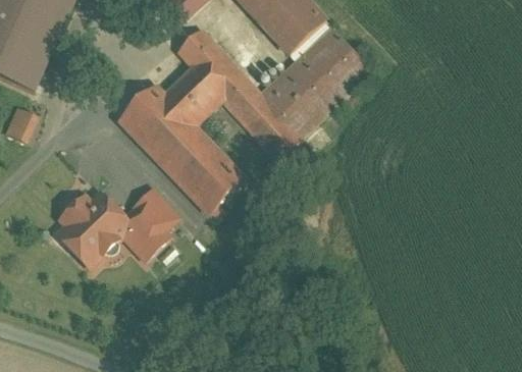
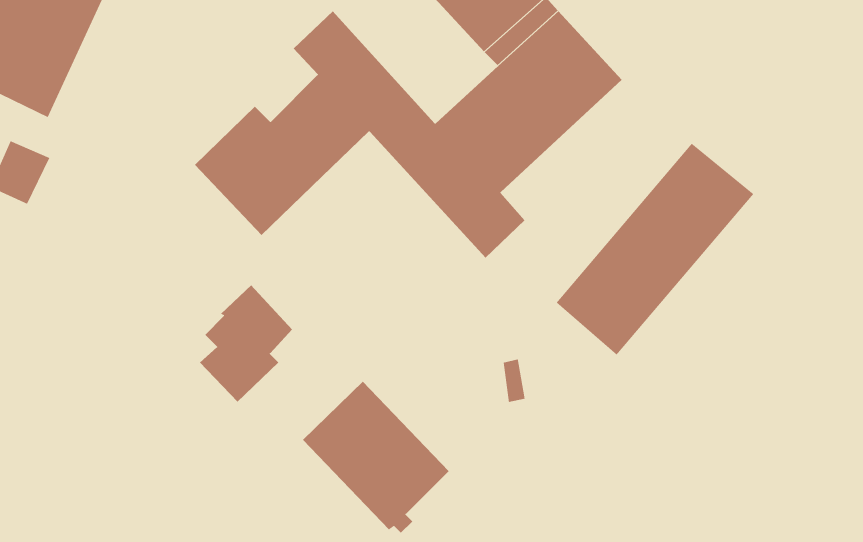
building: none -> [556,143,754,356]
building: [158,125,245,215] -> [302,381,449,533]
building: [56,192,132,266] -> none

